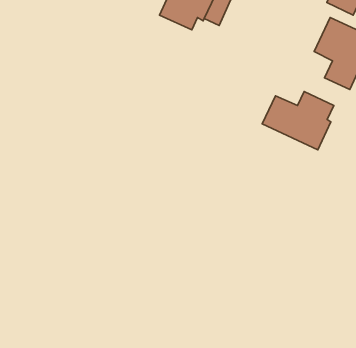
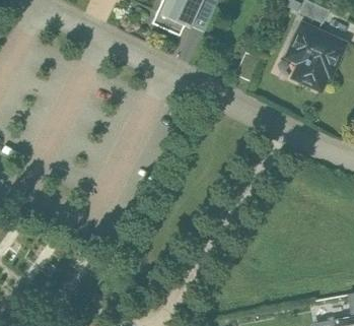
building: [262,91,334,150] -> none

